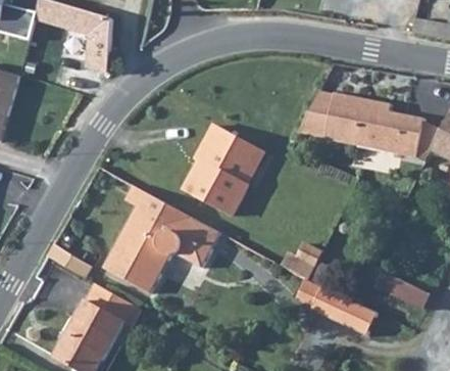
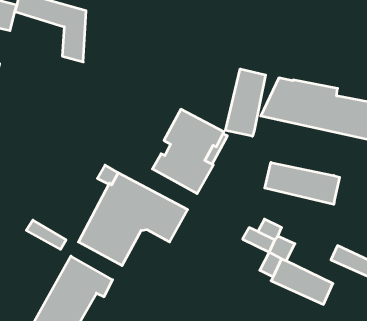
building: none -> [226,69,266,136]
building: none -> [265,162,340,204]

